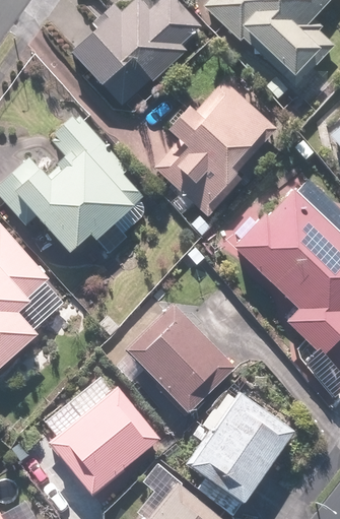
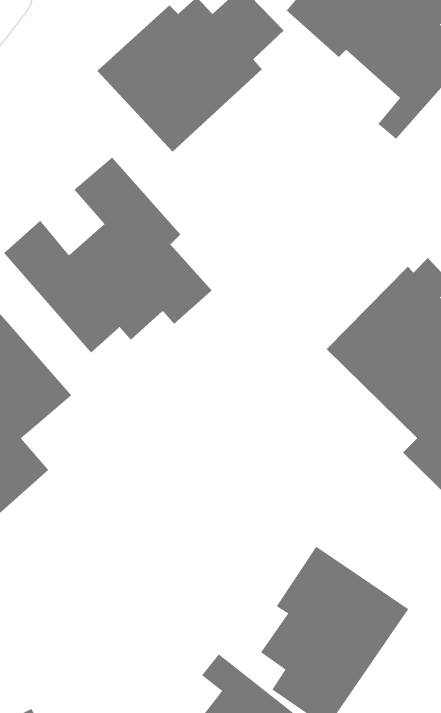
building: [153,81,280,214] -> none
building: [125,306,232,414] -> none
building: [50,374,158,493] -> none

